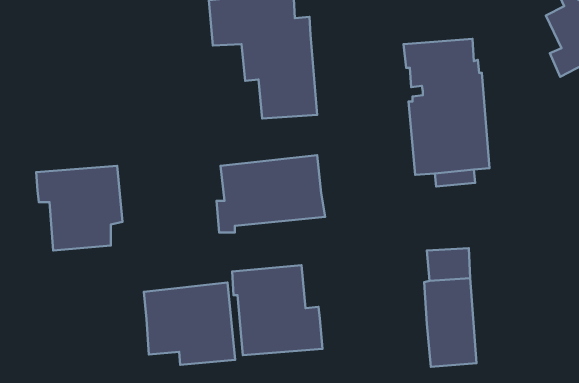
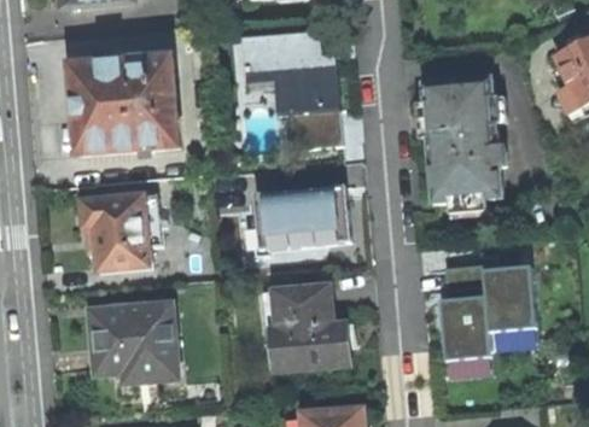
building: none -> [70,57,177,156]
building: none -> [485,270,536,351]
building: [144,283,235,365] -> [92,304,176,380]

